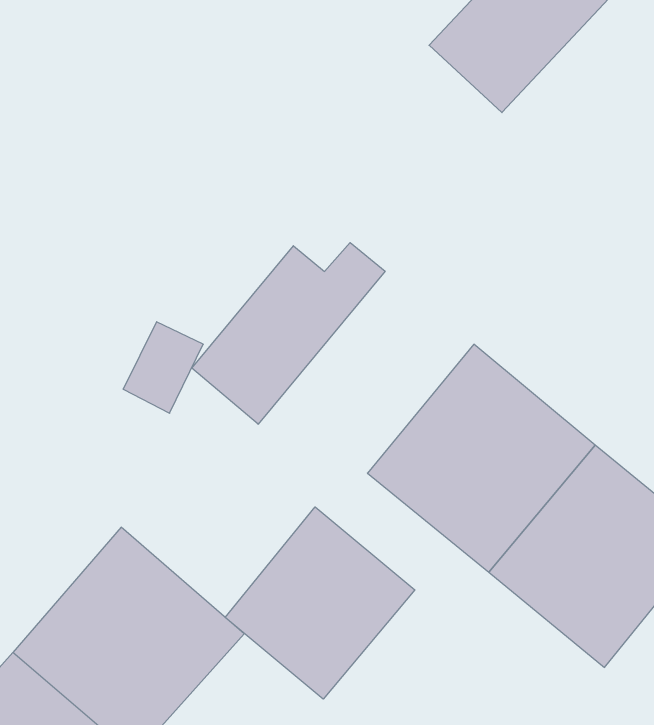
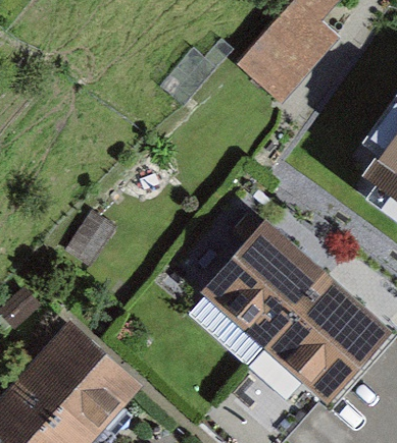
building: [192,243,385,424] -> none
building: [225,507,415,699] -> none

